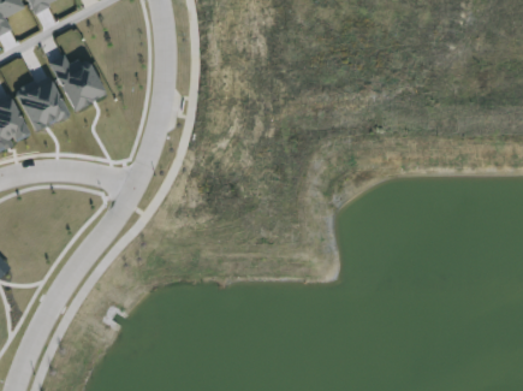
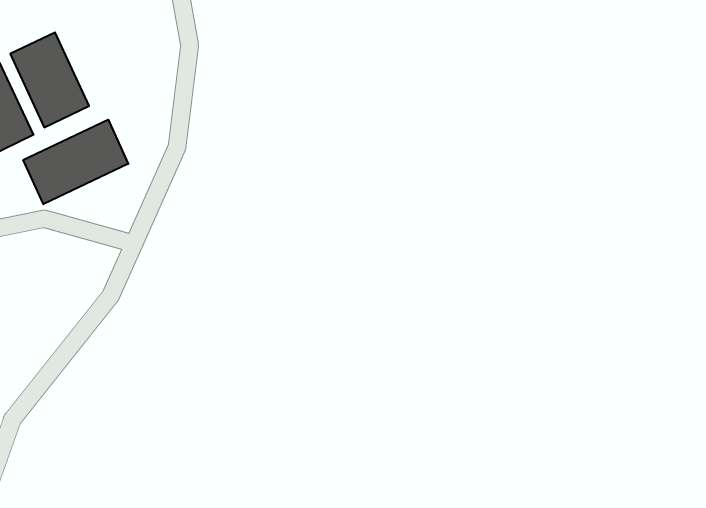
building: none -> [23,120,128,204]

